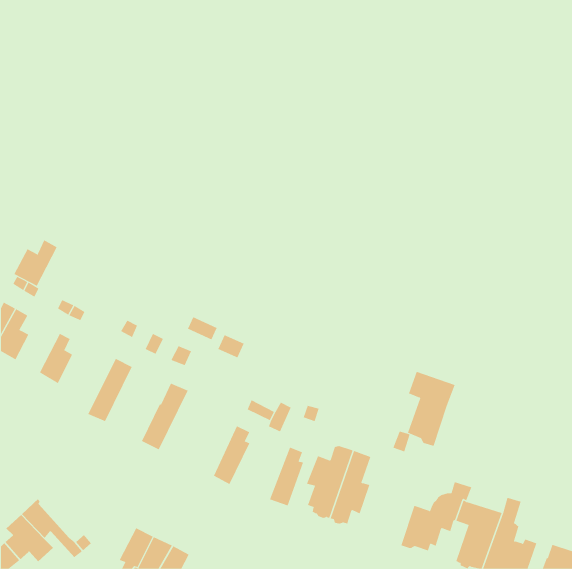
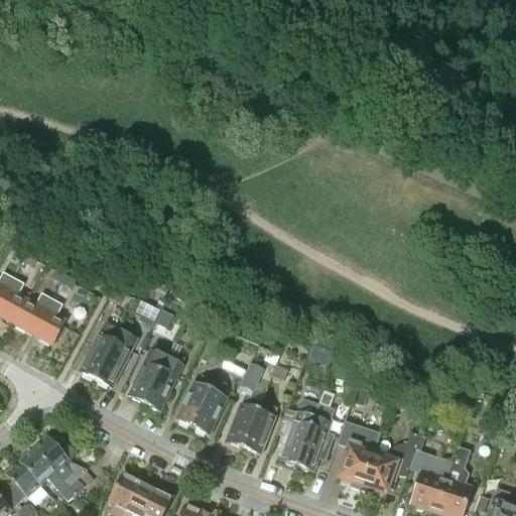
building: [14,239,57,286] -> [15,292,54,335]
building: none -> [96,330,136,387]
building: [407,371,455,446] -> [337,422,380,490]
building: none -> [144,351,184,411]
building: none -> [176,377,214,427]
building: none -> [227,397,261,448]
building: none -> [35,437,77,483]

